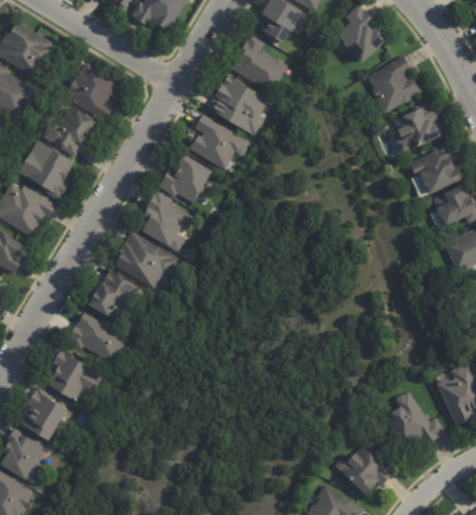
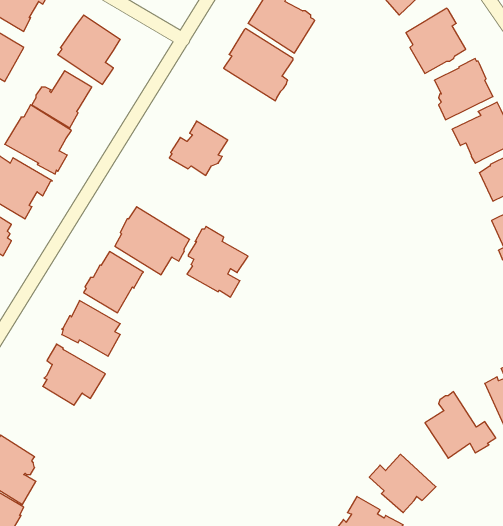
building: [188,113,248,170] -> none
building: [139,191,192,253] -> [187,226,248,297]
building: [24,384,68,440] -> none

